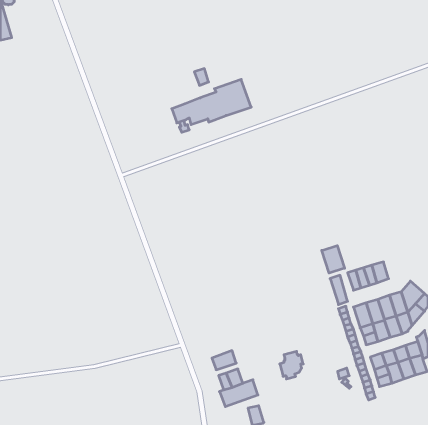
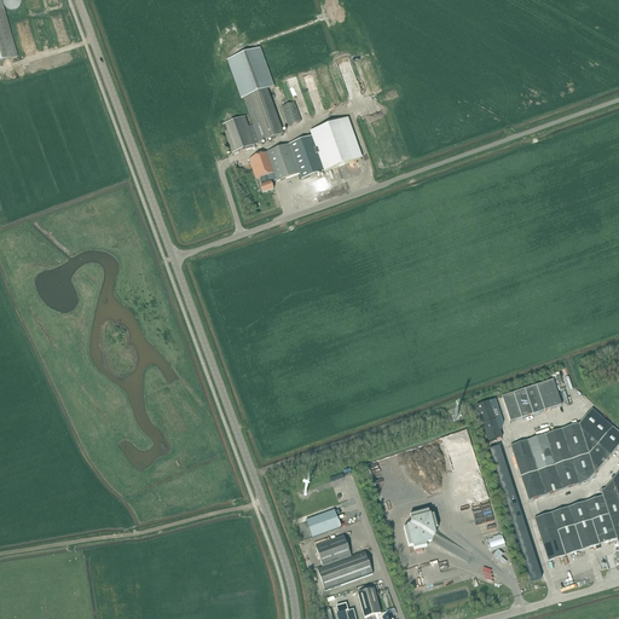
building: none -> [221,45,284,150]
building: [322,246,345,273] -> none

